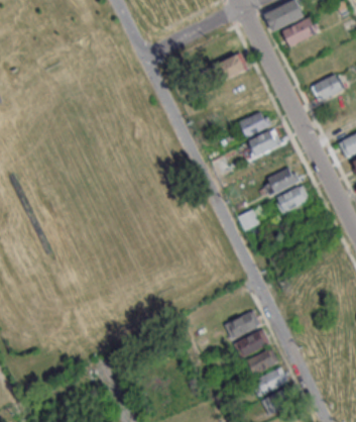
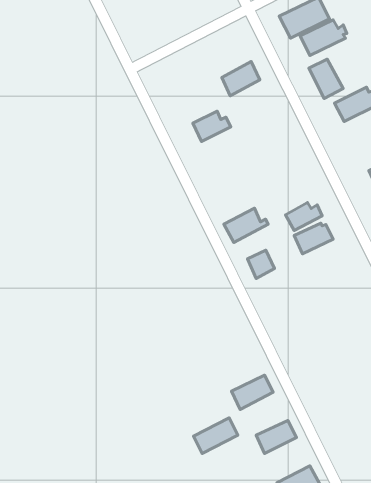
building: none -> [309,59,343,99]
building: [239,111,270,136] -> [193,111,231,142]
building: [248,128,284,156] -> [224,208,268,243]
building: [233,328,269,357] -> [194,418,238,453]
building: [253,367,286,395] -> none

